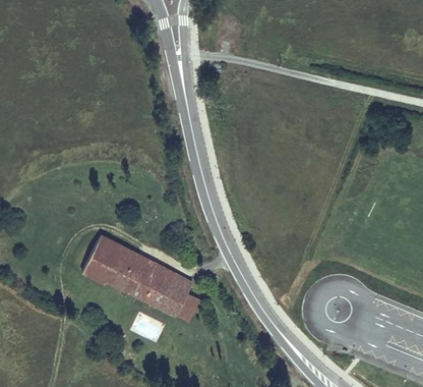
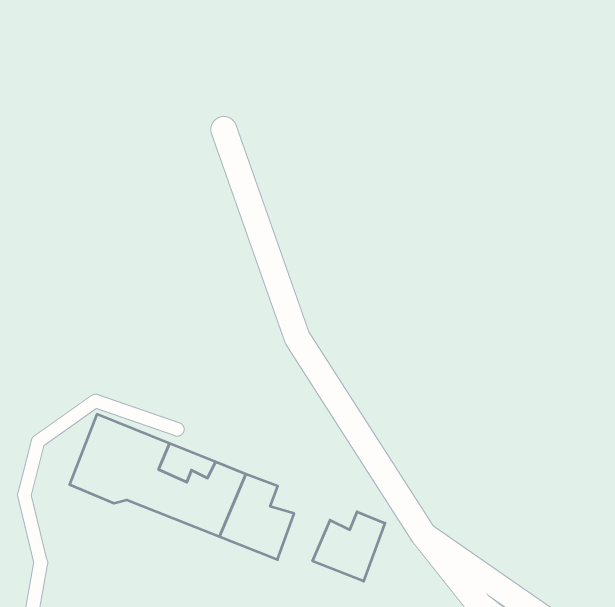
building: none -> [313,512,385,581]

